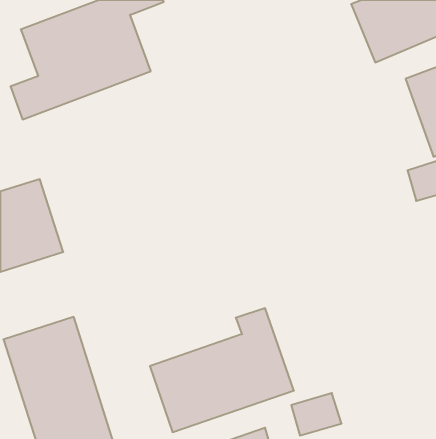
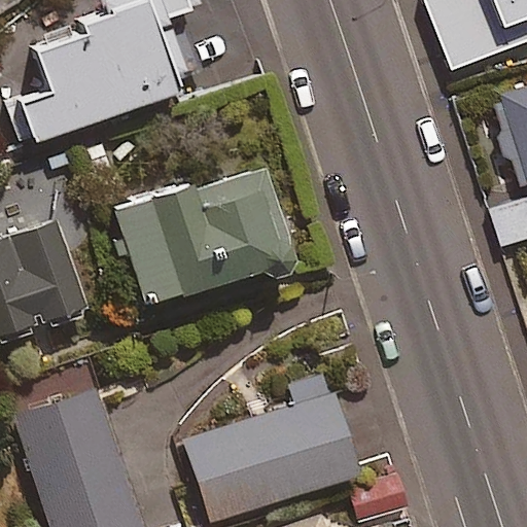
building: none -> [115,167,295,312]

